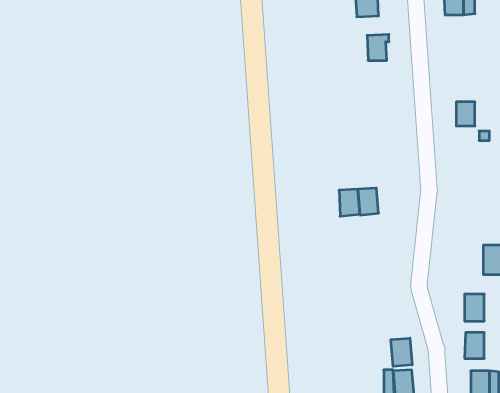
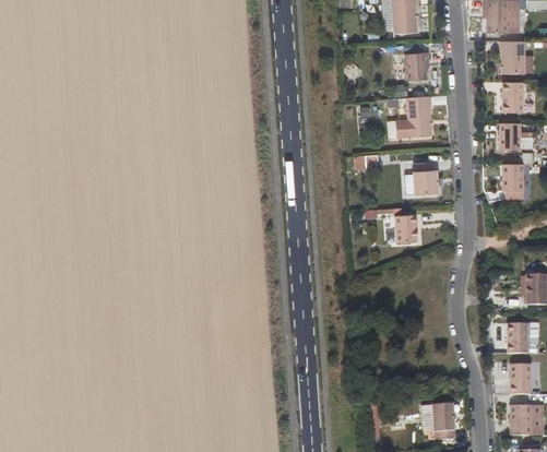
building: none -> [500,40,525,73]
building: none -> [502,82,523,111]
building: none -> [407,95,433,136]
building: none -> [415,163,437,194]
building: none -> [499,164,520,191]
building: [391,338,412,366] -> none

